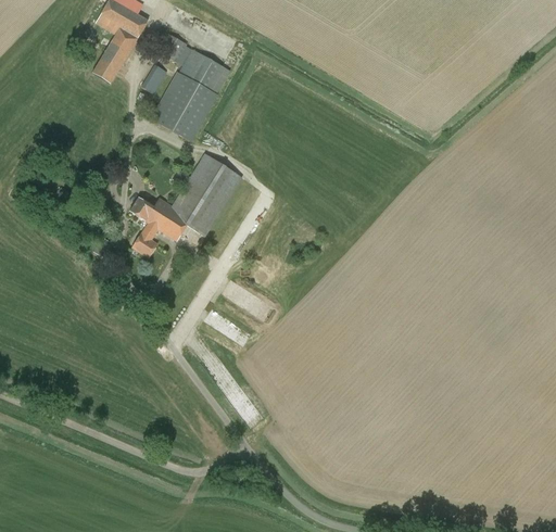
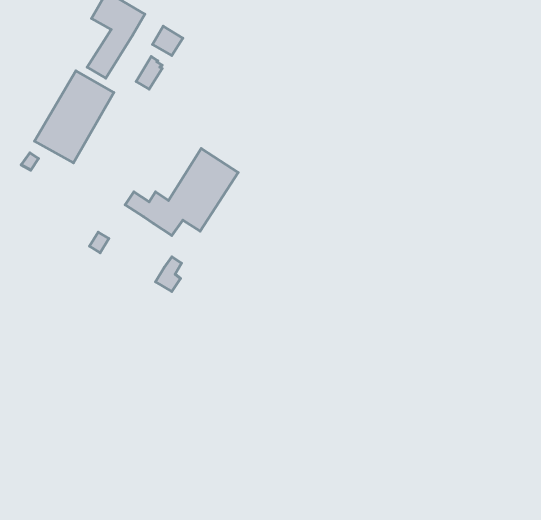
building: [151,48,230,140] -> [34,71,114,163]
building: [131,221,157,256] -> [155,257,182,291]

